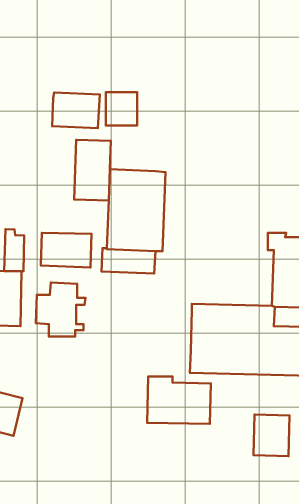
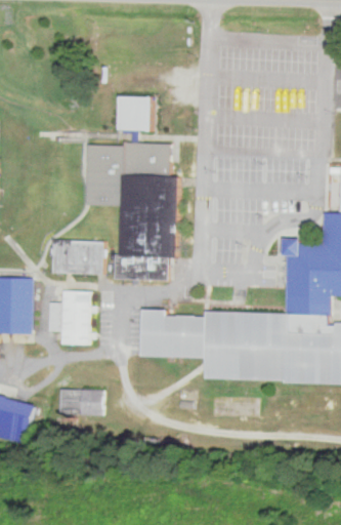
building: [52,93,100,128] -> [122,140,170,176]
building: [4,229,24,271] -> none
building: [147,376,211,424] -> [140,310,205,358]
building: none -> [58,390,103,414]
building: [254,414,289,456] -> none

